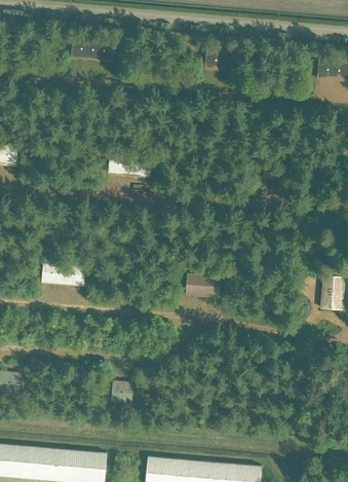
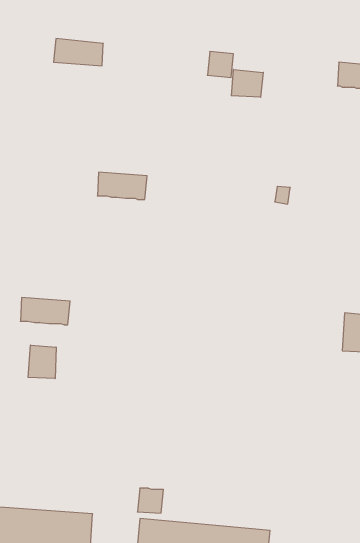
building: none -> [231,69,263,97]
building: [186,275,221,298] -> none
building: none -> [28,345,56,379]
building: [111,382,133,404] -> [137,488,163,513]

